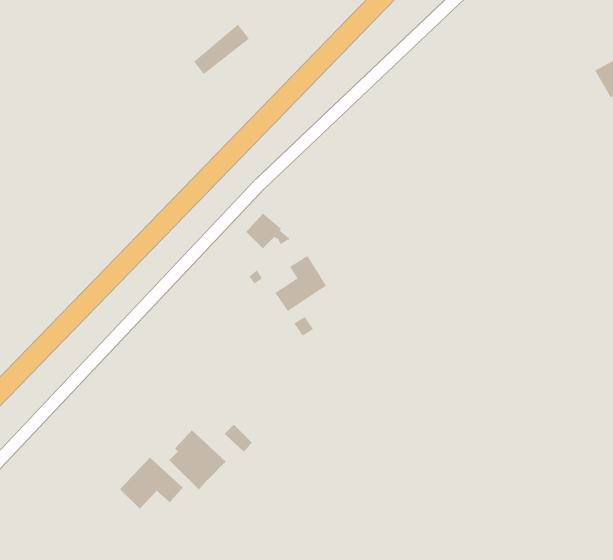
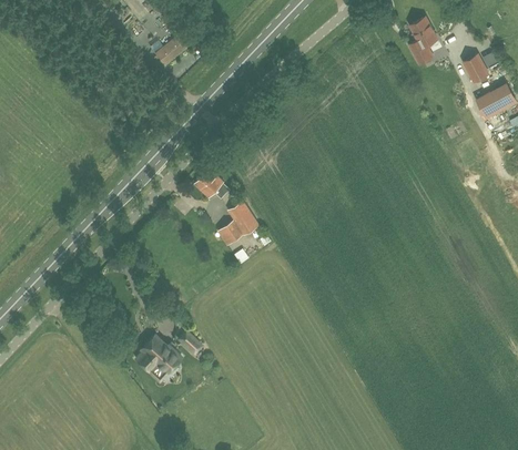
building: none -> [408,16,437,62]
building: [119,457,183,510] -> none

